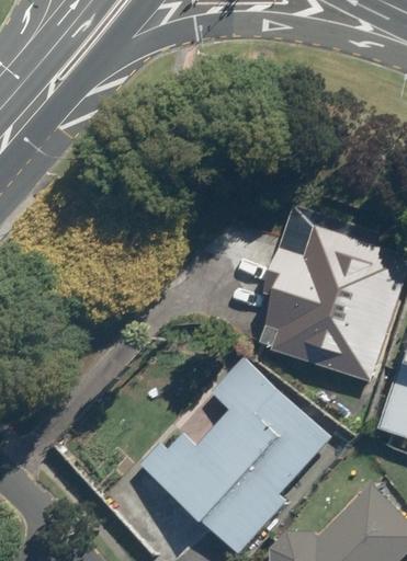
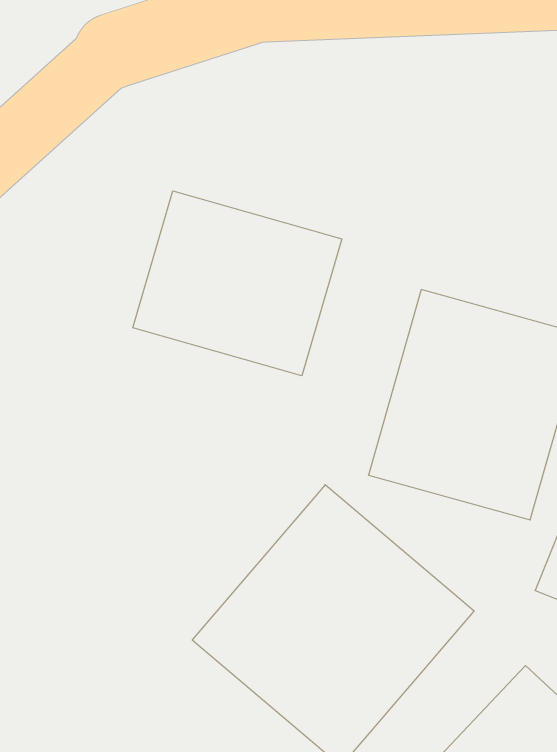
building: none -> [133,191,342,376]

